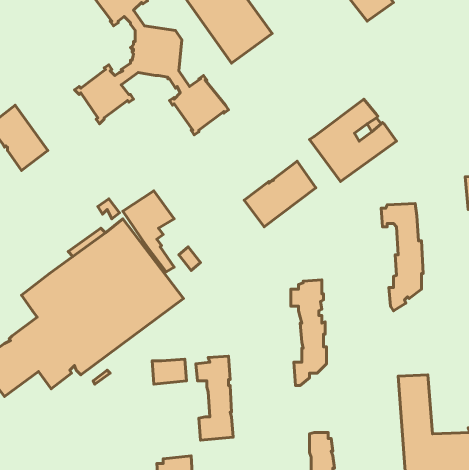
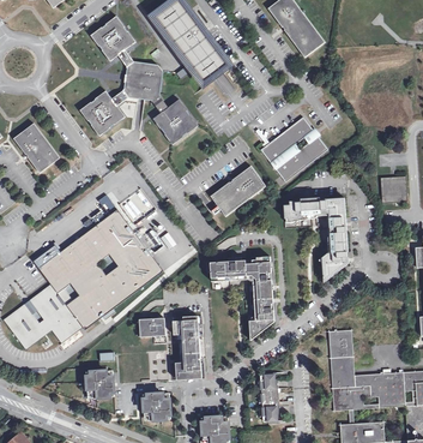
building: none -> [283,199,312,222]
building: none -> [210,259,248,279]
building: none -> [86,370,114,397]

